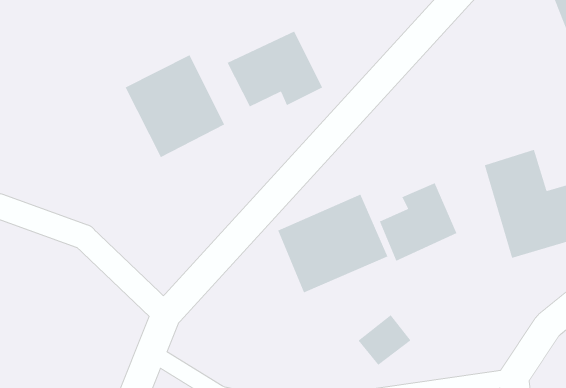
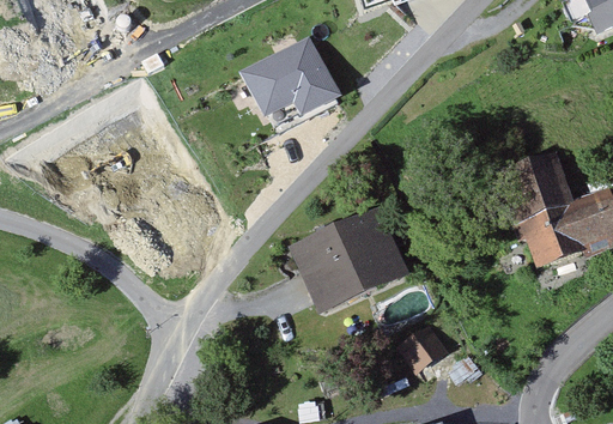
building: [124,54,225,158] -> none
building: [379,182,458,262] -> none

